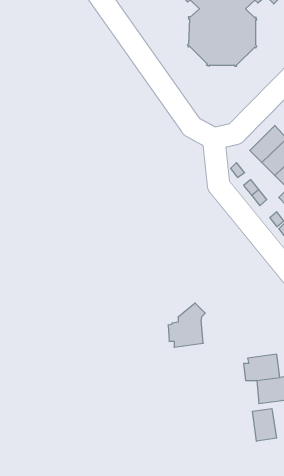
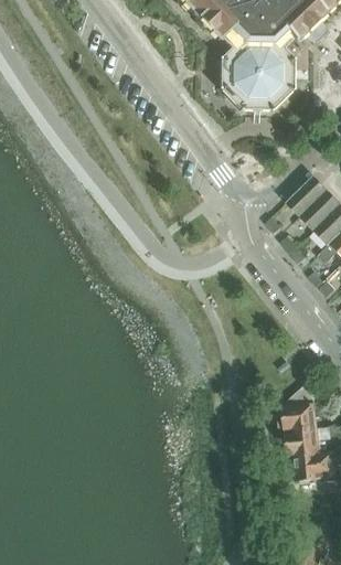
building: [168,303,205,347] -> [276,382,317,430]
building: [252,409,277,441] -> none

